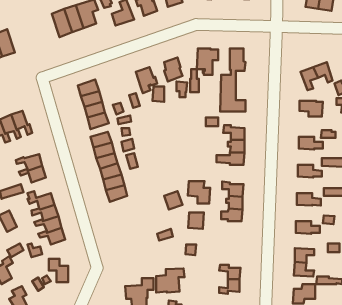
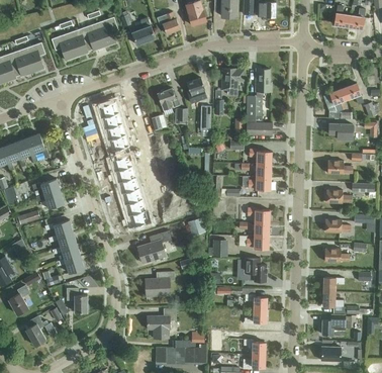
building: none -> [51,32,78,61]
building: none -> [23,42,45,73]
building: [188,181,210,203] -> [244,258,267,281]
building: none -> [137,230,171,263]
building: [156,268,184,293] -> [146,271,175,296]

